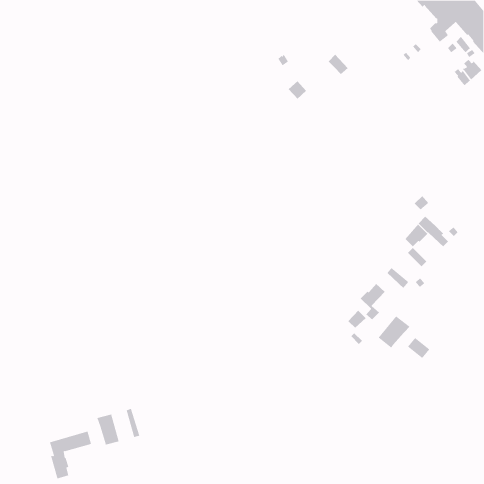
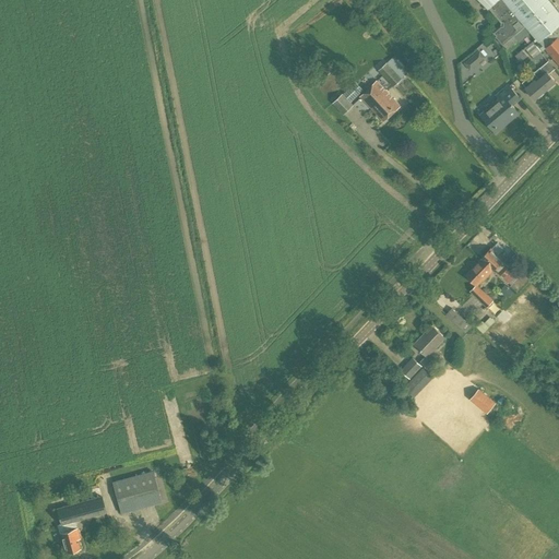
building: none -> [360,82,400,121]
building: none -> [480,85,520,132]
building: [378,315,410,348] -> none

